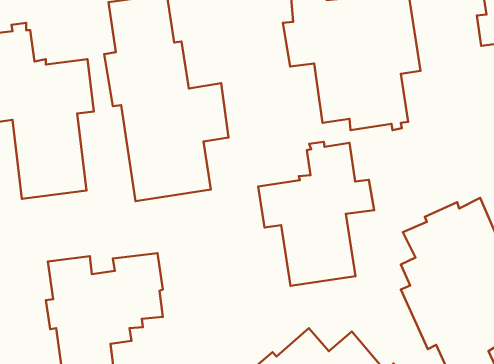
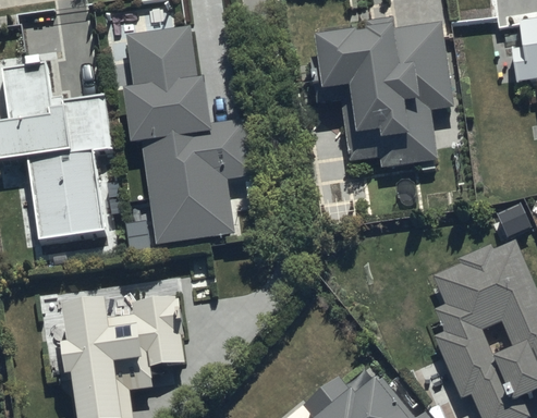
building: [258,142,374,286] -> none

